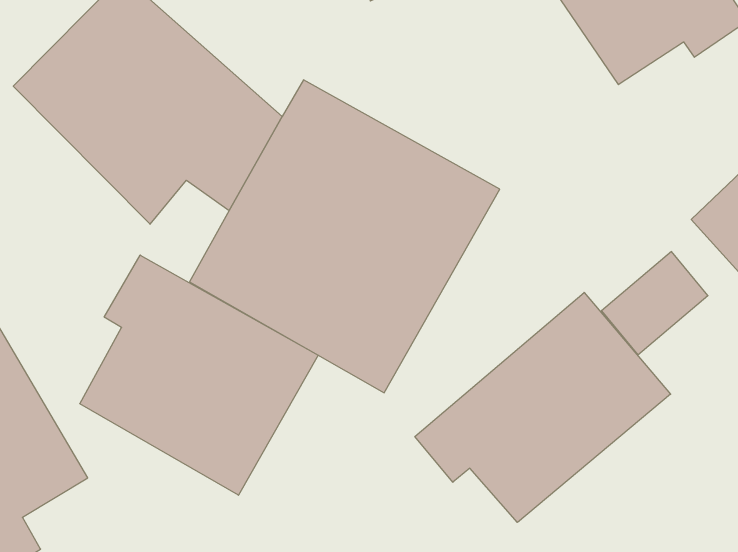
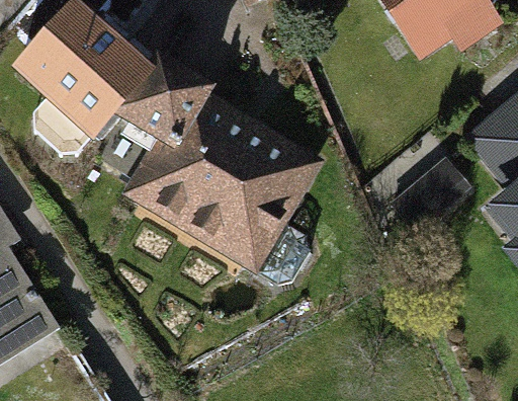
building: [80,255,318,495] -> none
building: [415,292,671,522] -> none

